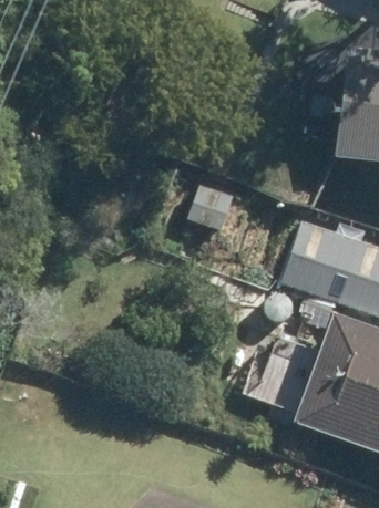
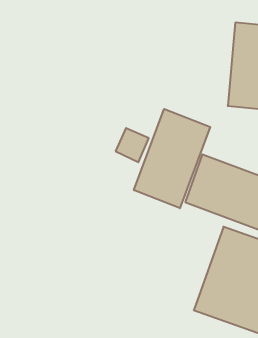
building: none -> [134,109,210,208]

